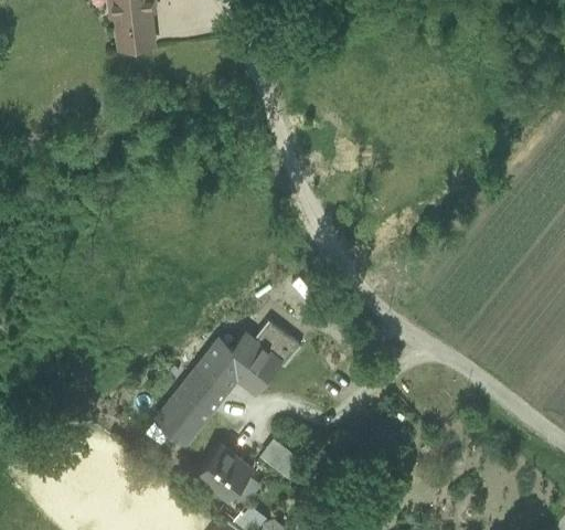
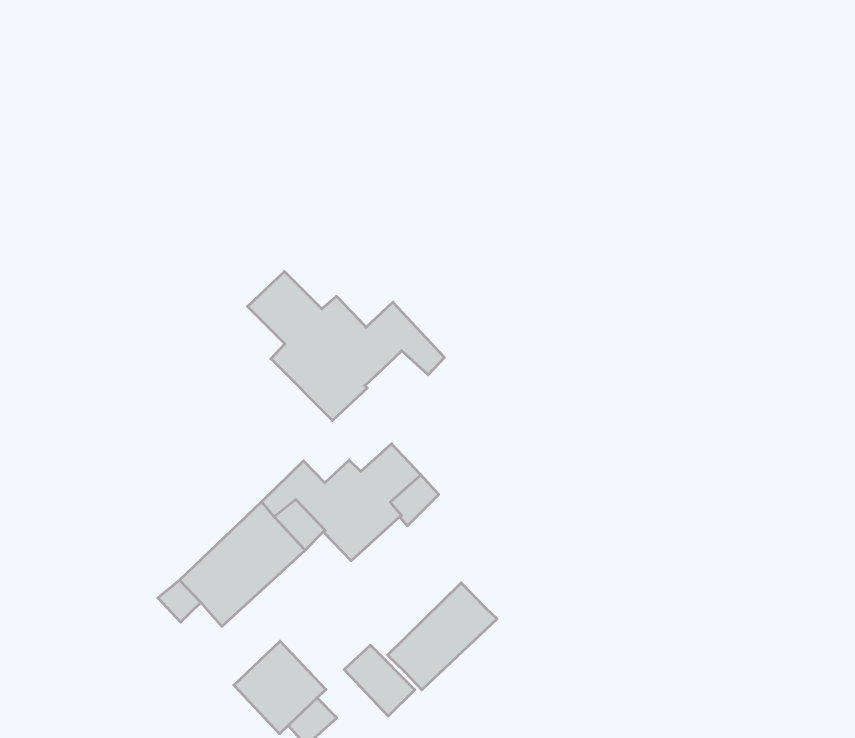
building: none -> [247,271,444,421]
building: none -> [388,583,497,690]

